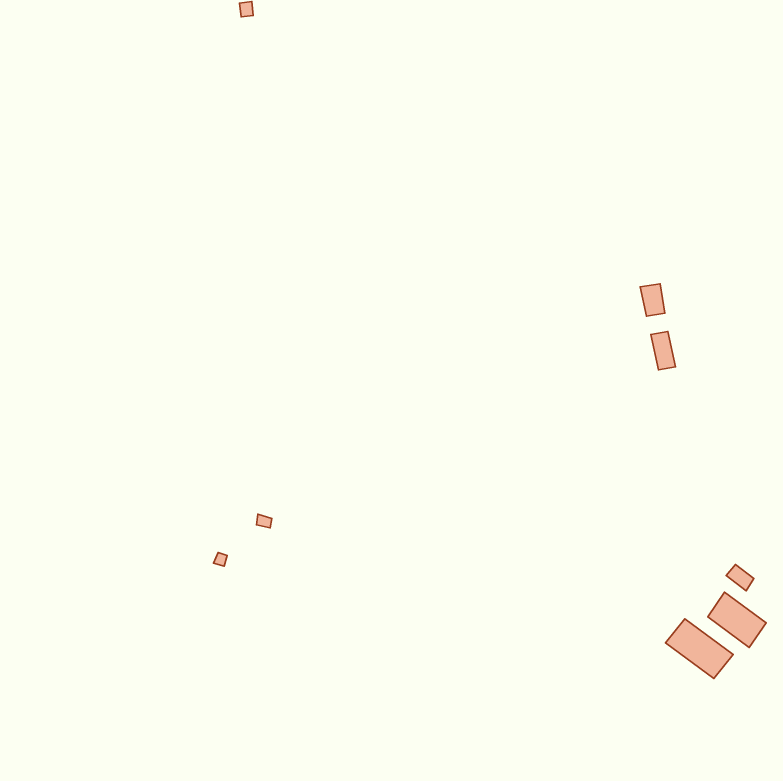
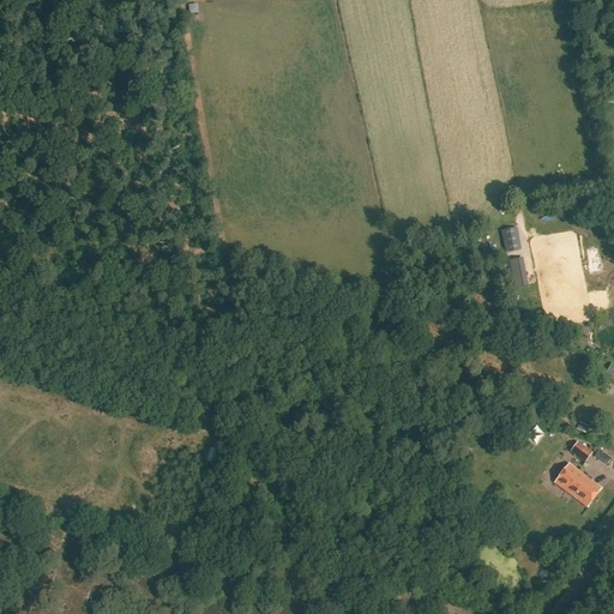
building: [666,619,733,679] -> none

